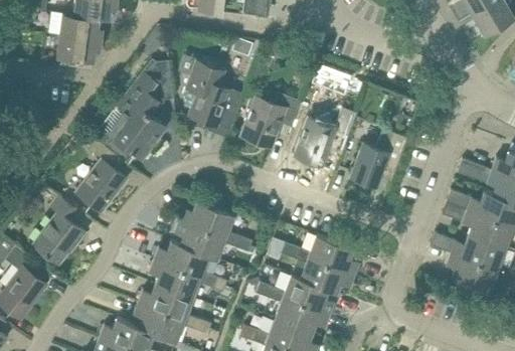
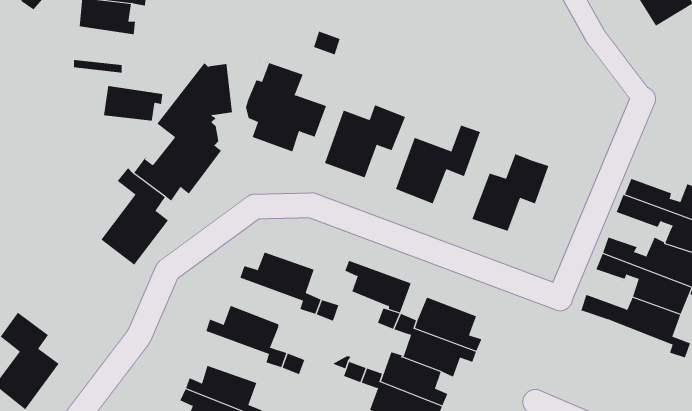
building: [57,35,102,61] -> [103,86,163,121]
building: [33,196,85,264] -> none
building: [176,220,225,259] -> [345,260,411,313]
building: [448,251,498,293] -> none
building: [151,259,200,298] -> none

